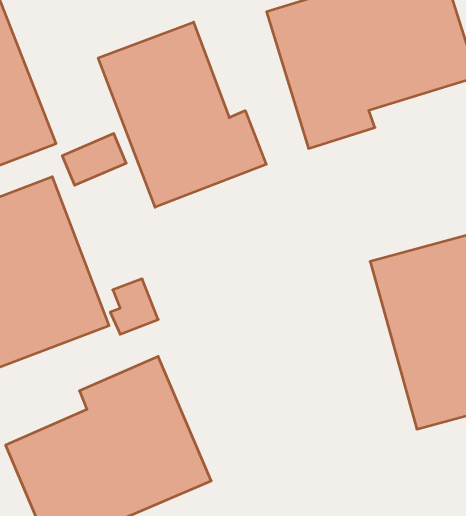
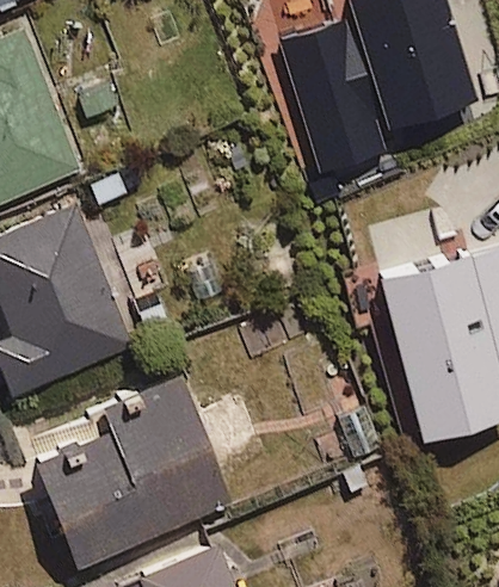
building: [98,22,266,207] -> none

